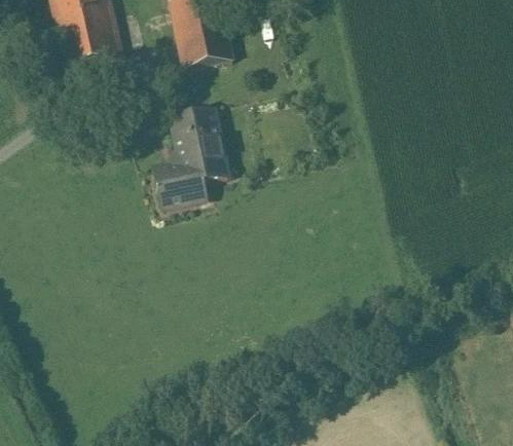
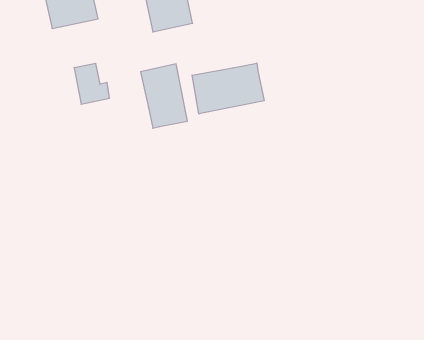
building: none -> [192,63,264,114]
building: [153,157,195,206] -> [74,63,110,104]

